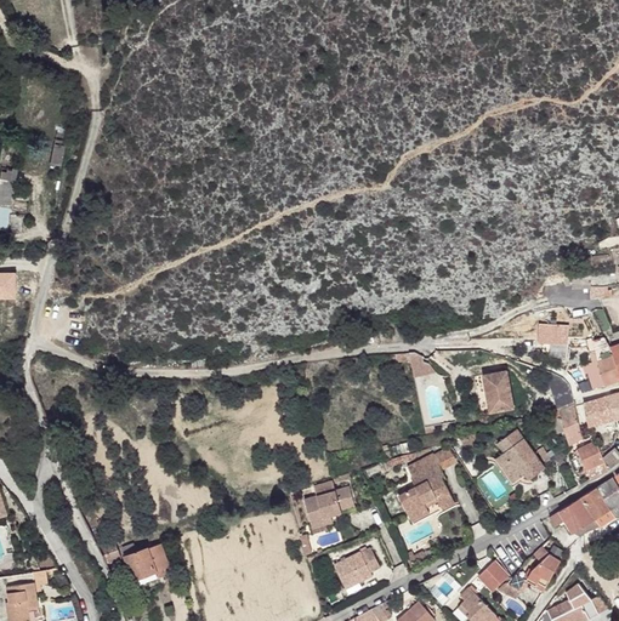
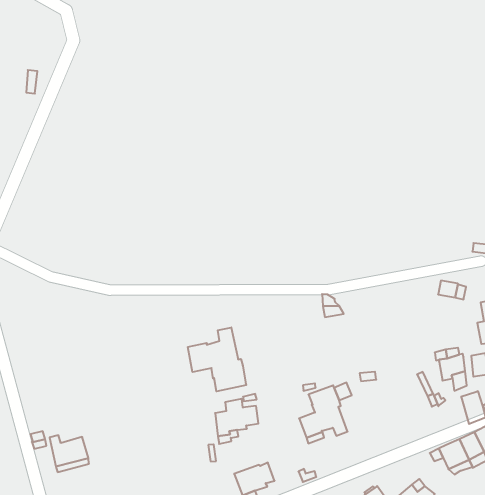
building: [483,371,512,412] -> none
building: none -> [188,327,246,391]
building: [495,429,544,483] -> none

